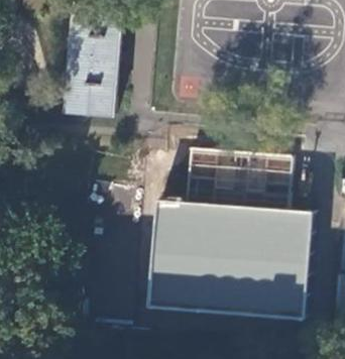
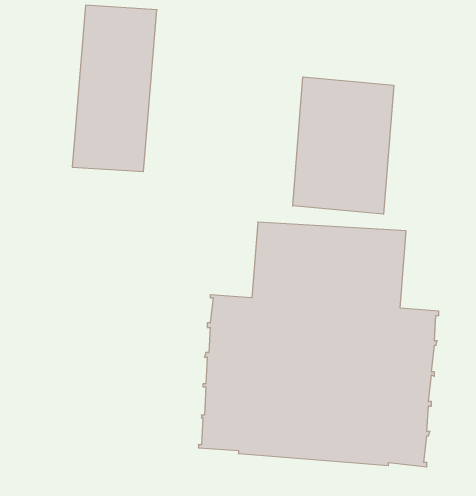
building: none -> [293,77,394,214]

